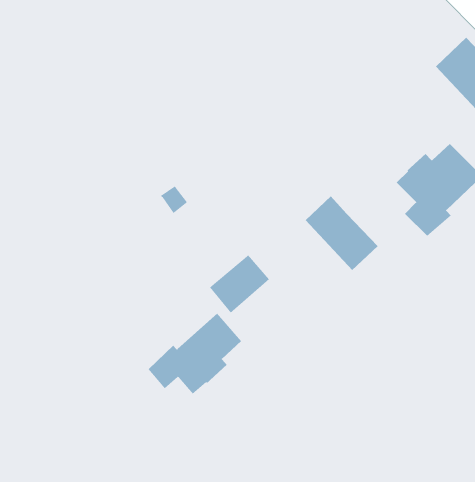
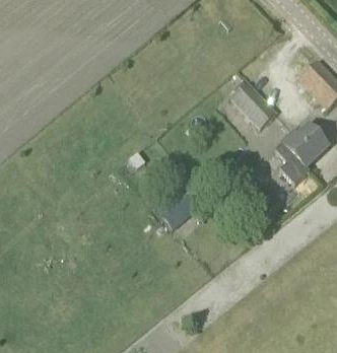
building: [305,195,378,271] -> [230,81,276,128]
building: [148,313,242,395] -> none

